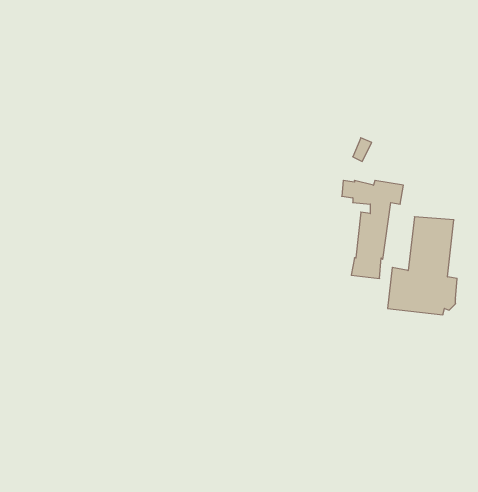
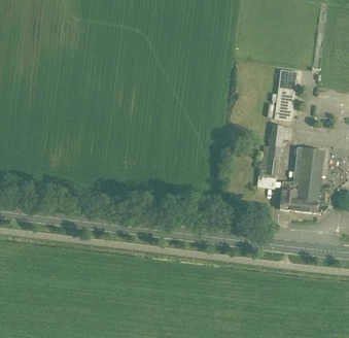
building: none -> [274,69,296,120]

